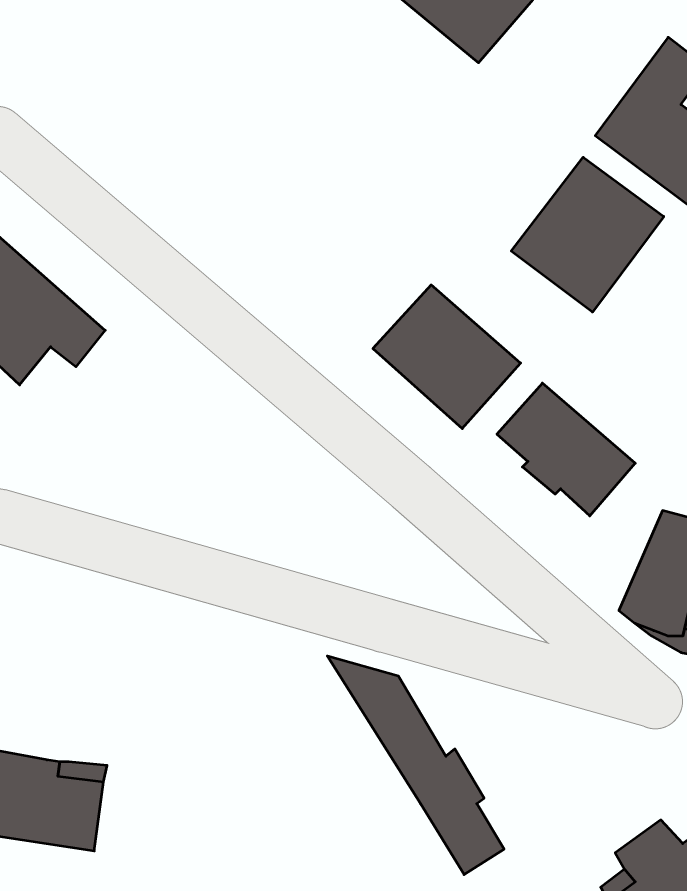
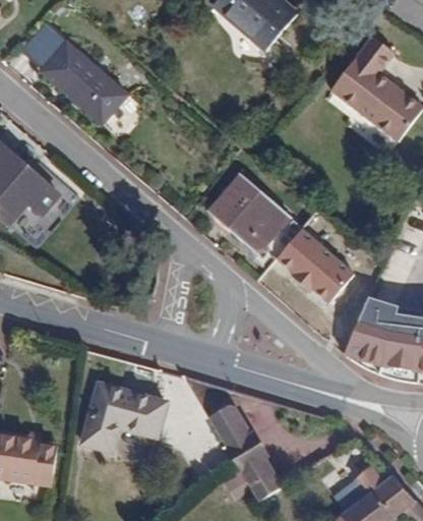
building: none -> [24,22,127,120]
building: [511,157,664,312] -> none
building: none -> [81,385,167,454]

